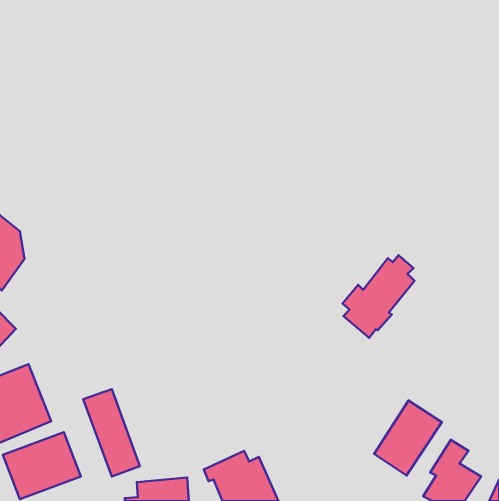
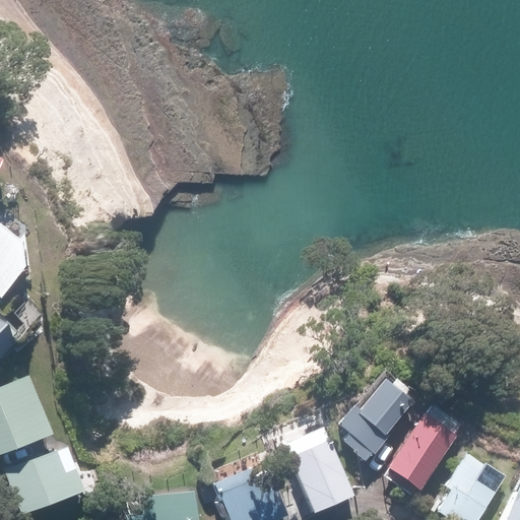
building: [343,255,414,338] -> [337,377,411,462]
building: [83,389,140,477] -> none
building: none -> [285,430,352,512]

